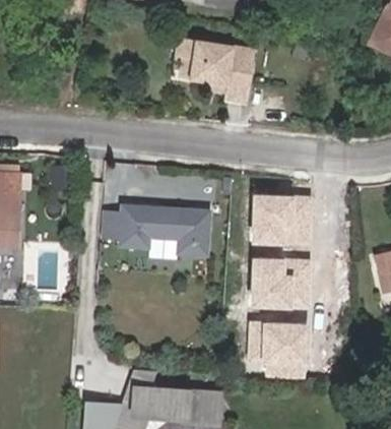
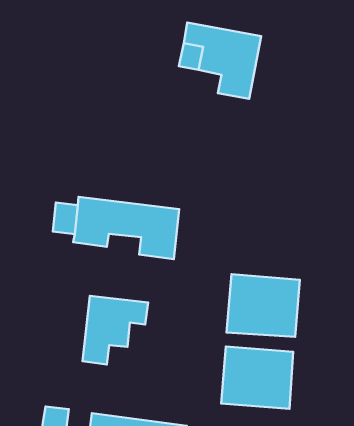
building: [251,194,312,246] -> none
building: none -> [82,296,148,365]

